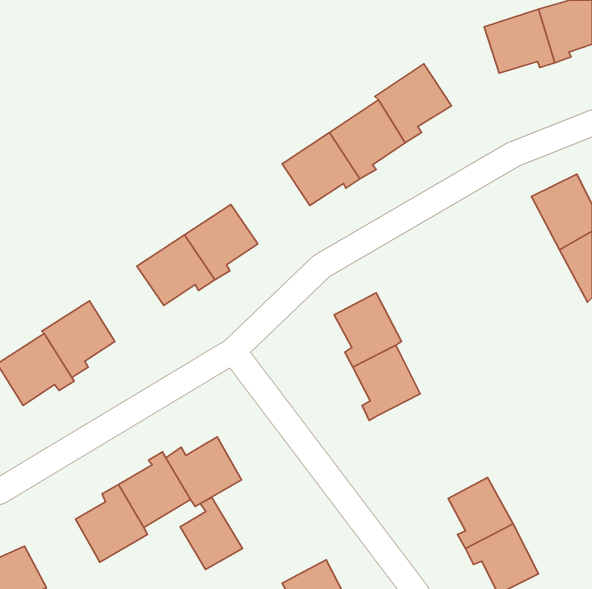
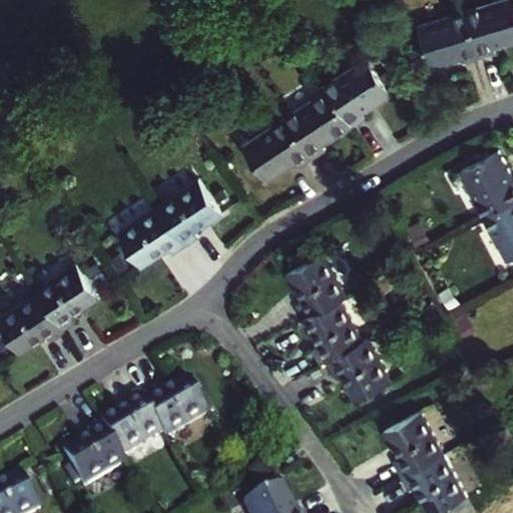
building: none -> [326,342,391,402]
building: [180,498,243,569] -> none

